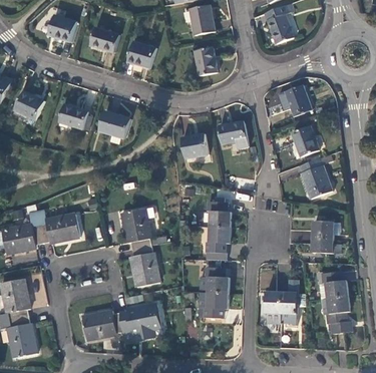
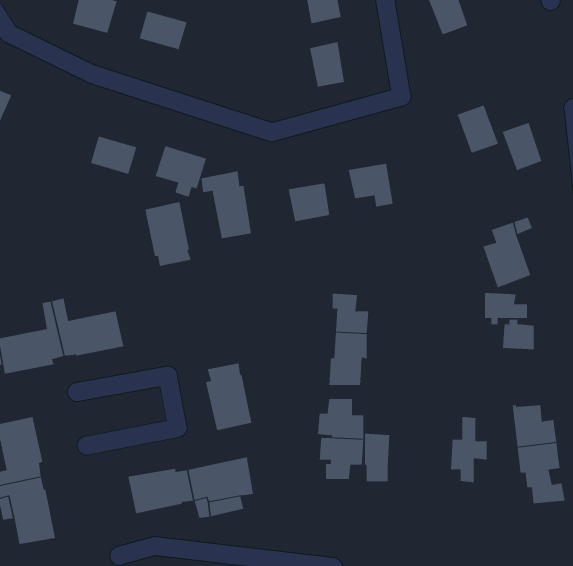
building: [127,40,155,67] -> none
building: [13,90,44,124] -> none
building: [293,125,318,155] -> [502,122,542,171]
building: none -> [201,170,252,239]
building: [122,209,151,249] -> [144,202,192,266]
building: [314,236,341,256] -> [484,292,528,325]
building: [267,291,283,321] -> [364,433,390,482]

